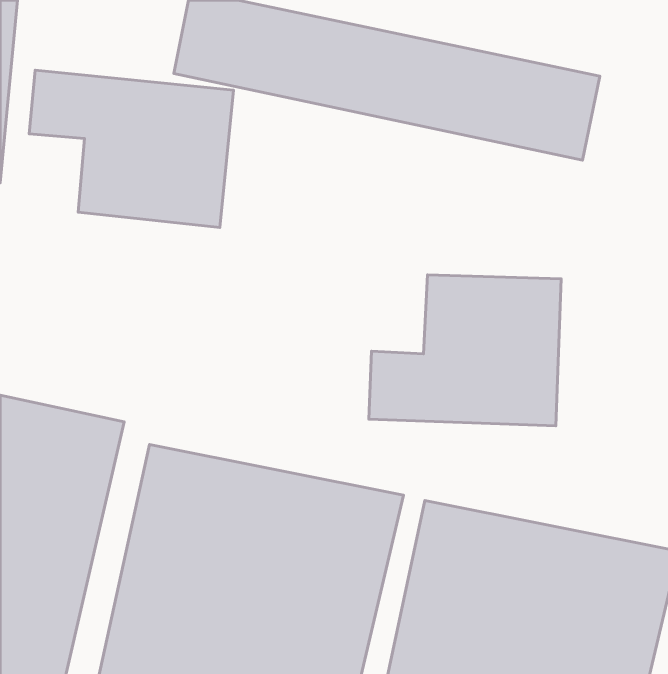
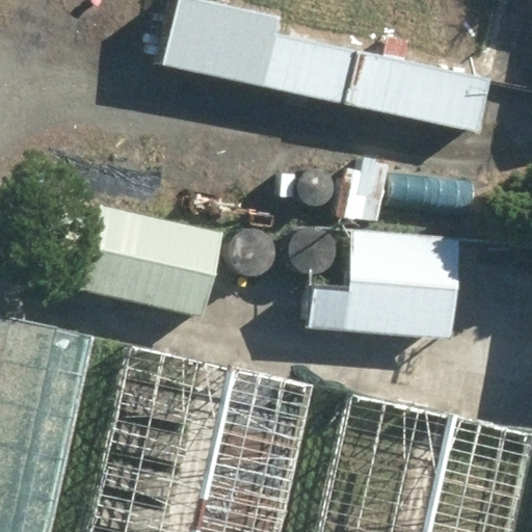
building: [29,70,233,227] -> none
building: none -> [47,198,216,309]

